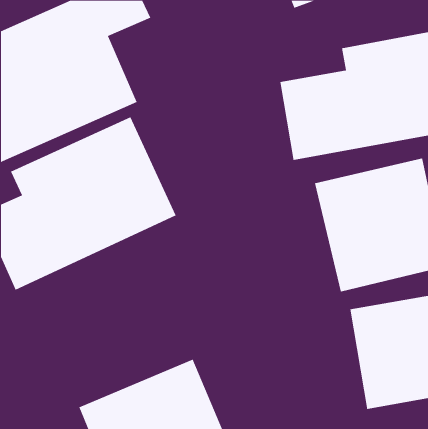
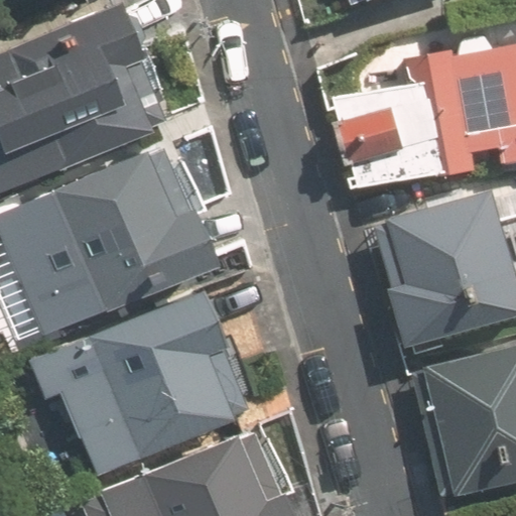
building: none -> [32,292,245,469]

